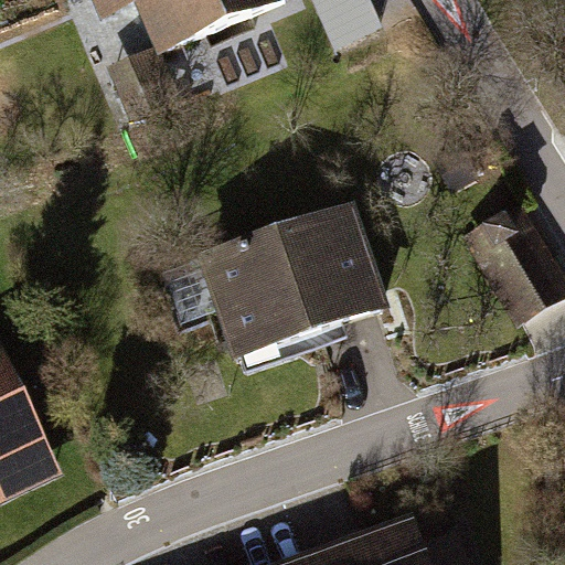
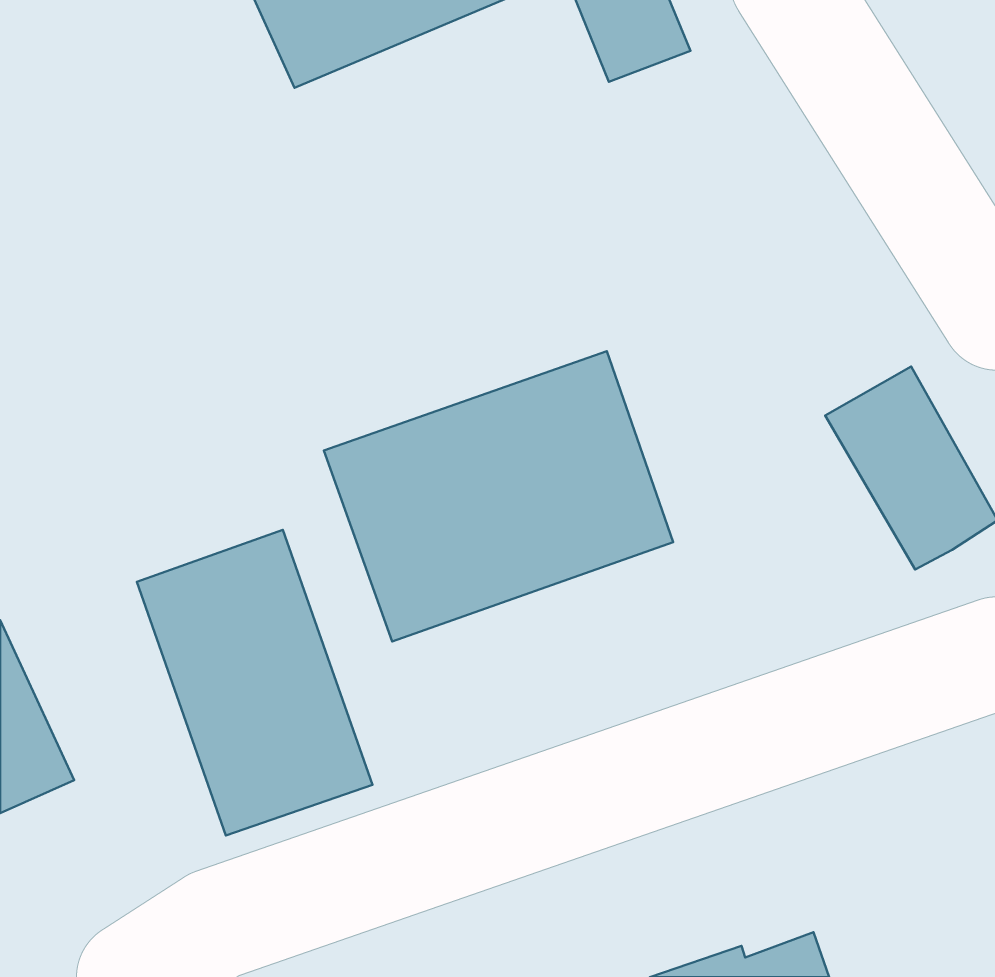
building: none -> [137,530,372,836]

